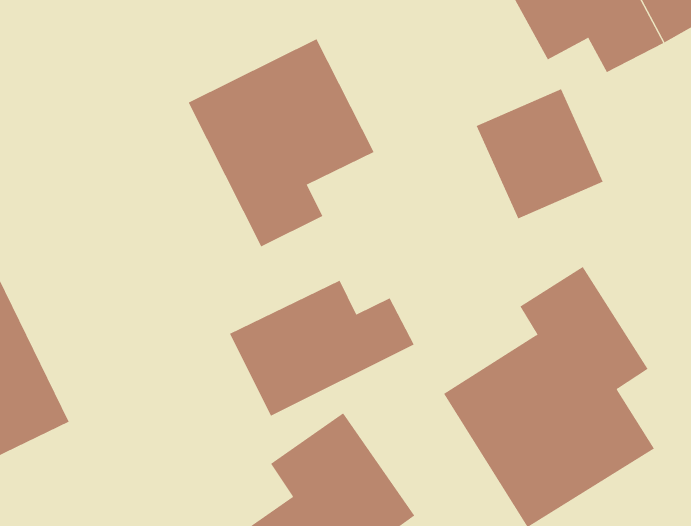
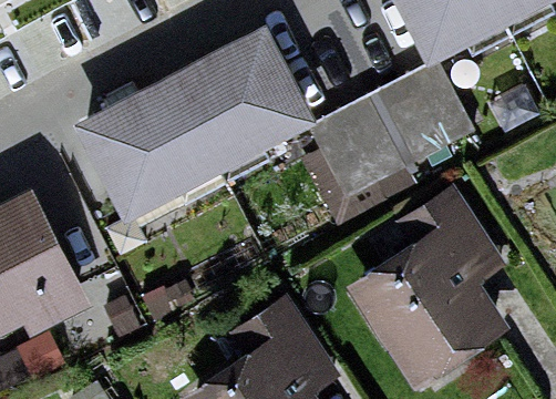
building: none -> [81,76,225,205]
building: none -> [305,98,404,200]
building: [229,280,414,417] -> none

